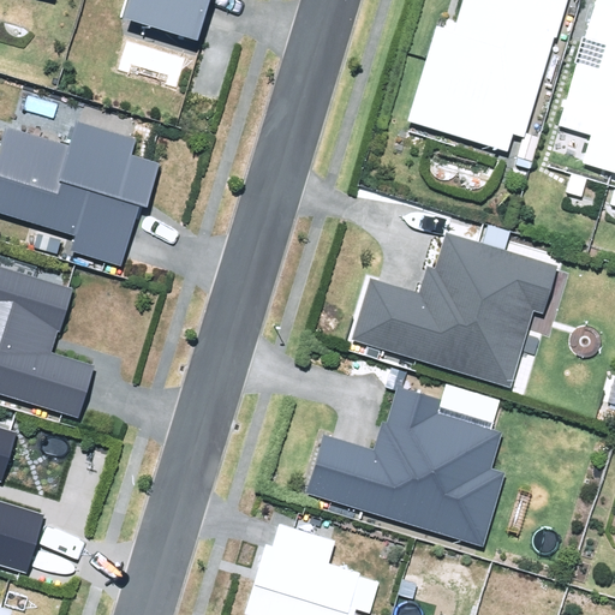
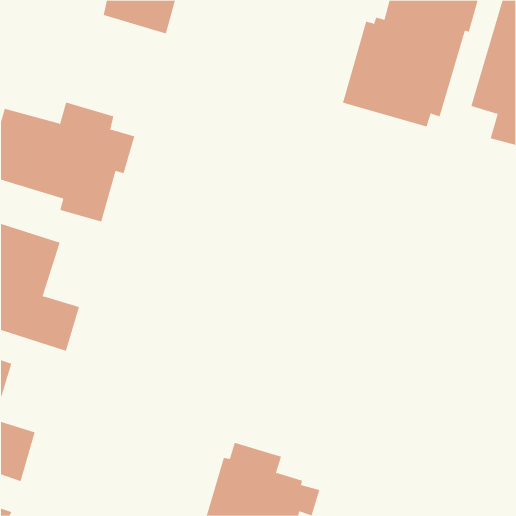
building: [351,235,557,386] -> none
building: [306,386,504,545] -> none

